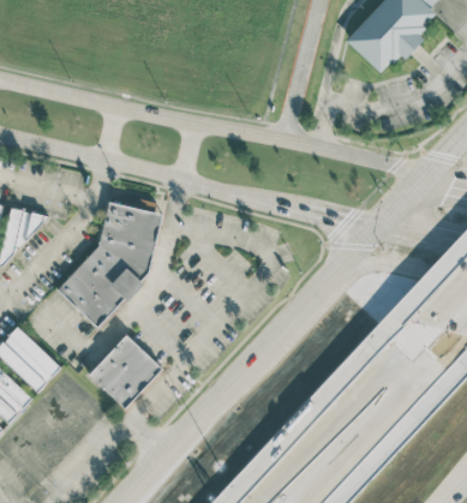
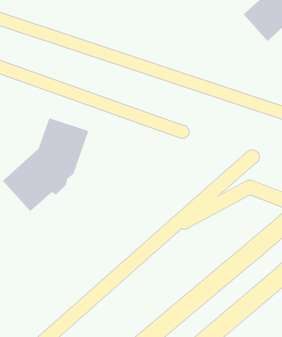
building: [88,334,162,408] -> none

